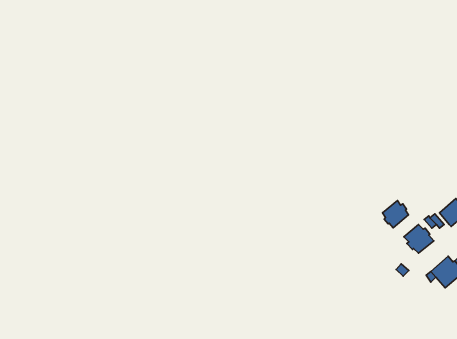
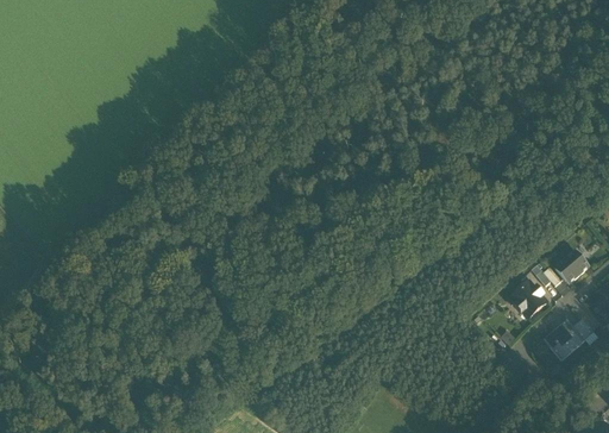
building: [382,201,409,228] -> none

